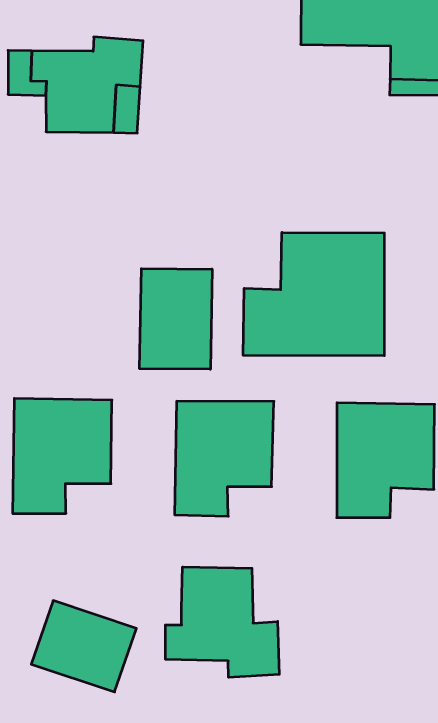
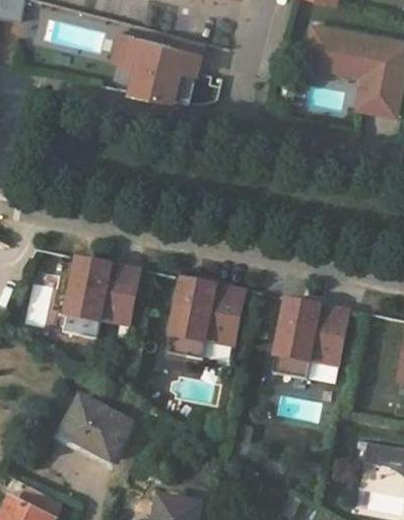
building: [243,232,384,356] -> none
building: [140,269,212,369] -> none
building: [165,567,279,677] -> none

